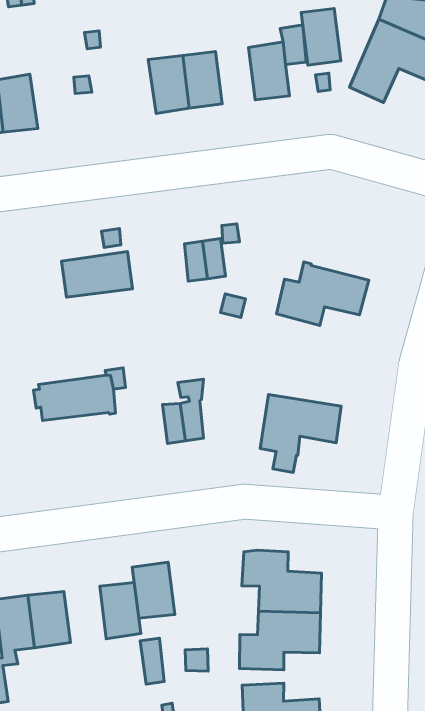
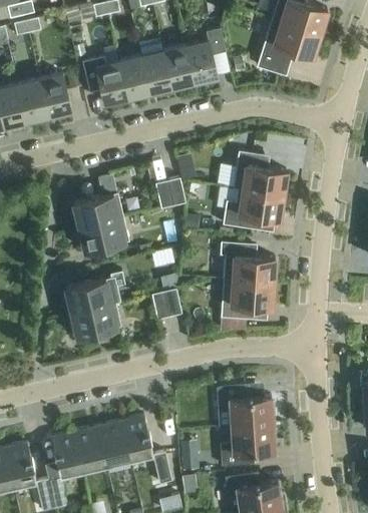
building: [301,8,341,65] -> [163,46,194,86]
building: none -> [82,56,127,102]
building: none -> [39,74,71,115]
building: none -> [235,150,286,195]
building: none -> [79,217,129,251]
building: none -> [220,241,275,283]
building: none -> [70,303,121,337]
building: [132,562,175,618] -> [97,421,129,461]

